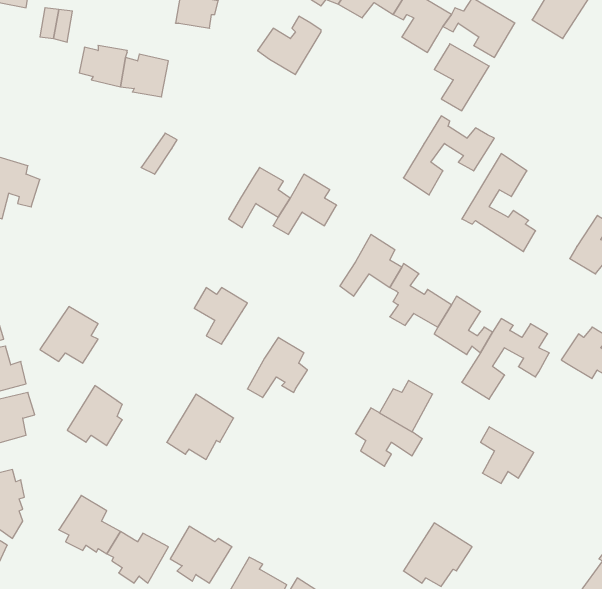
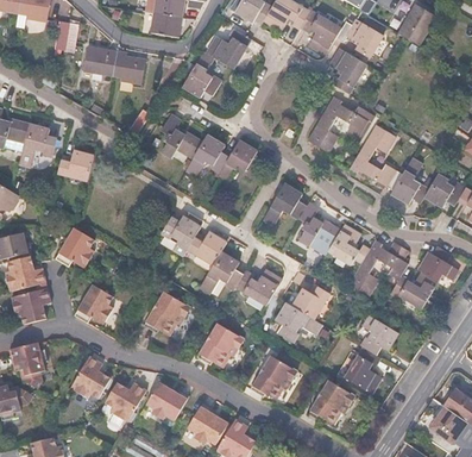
building: none -> [182,51,220,98]
building: none -> [162,112,204,155]
building: none -> [57,152,94,183]
building: none -> [391,158,428,204]
building: none -> [185,233,226,265]
building: none -> [233,269,281,306]
building: none -> [394,269,439,306]
building: none -> [196,323,245,368]
building: none -> [345,345,380,392]
building: none -> [251,355,297,399]

